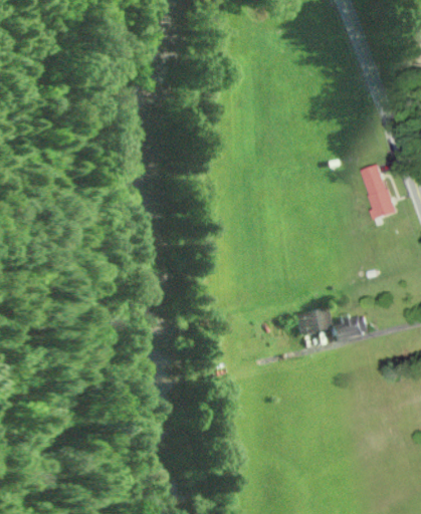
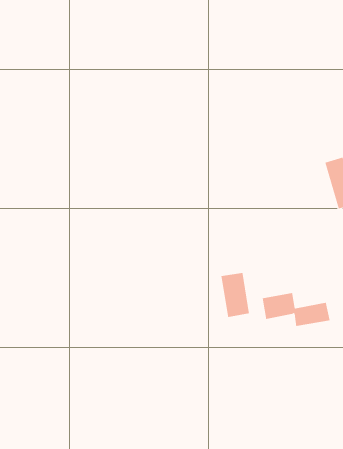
building: none -> [221,272,250,318]

